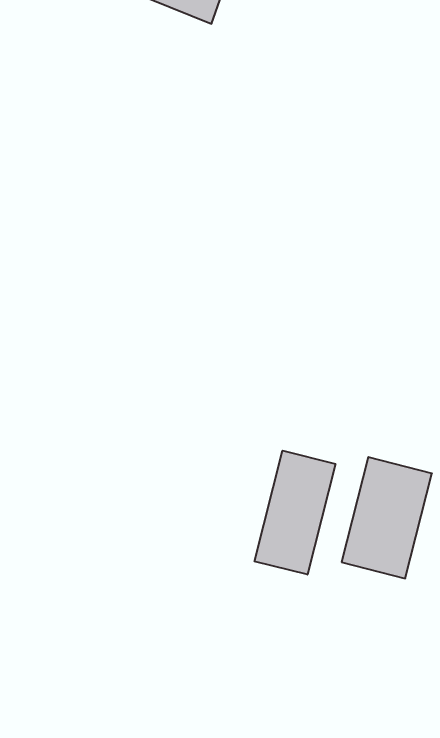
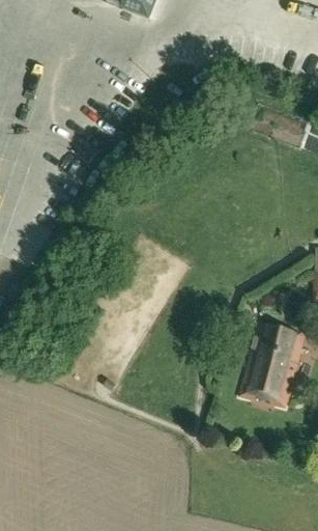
building: [255,451,335,575] -> none

